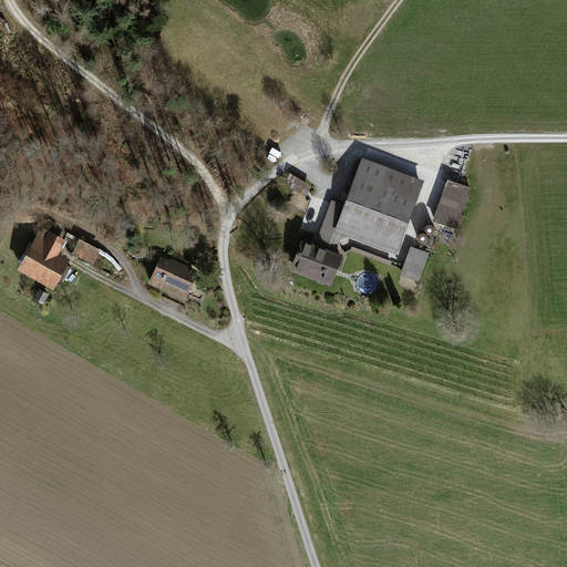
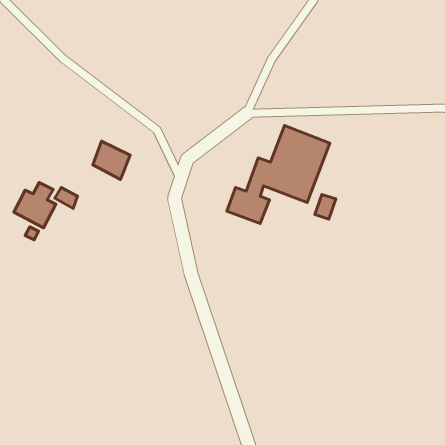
building: [435,183,471,226] -> none
building: [152,254,199,302] -> [93,141,130,180]

